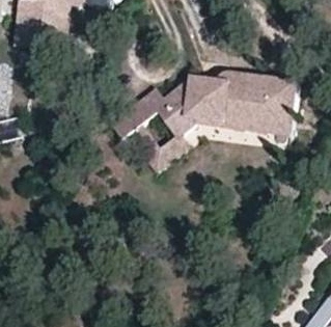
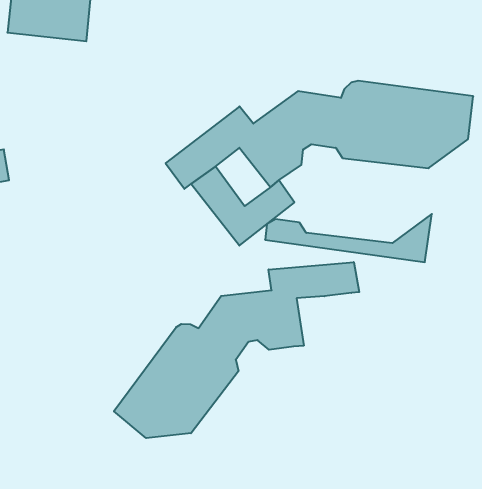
building: [193,107,294,136] -> [265,214,432,262]
building: none -> [114,262,359,438]

